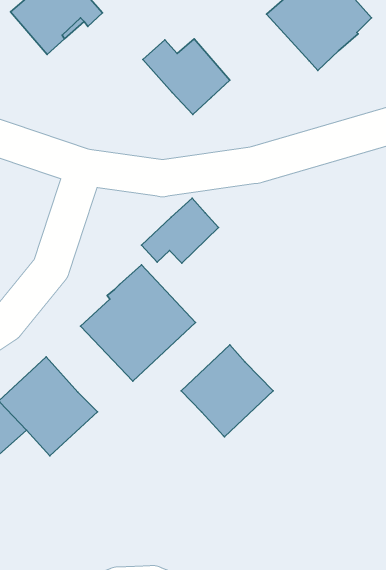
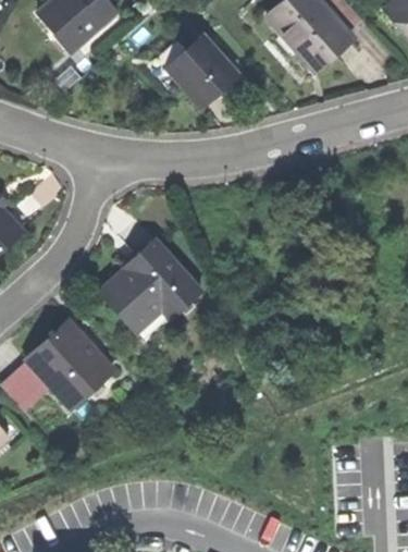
building: [141,198,218,263] -> none
building: [181,345,273,437] -> none

